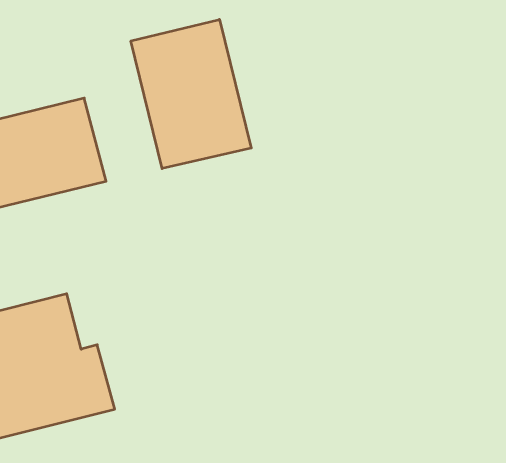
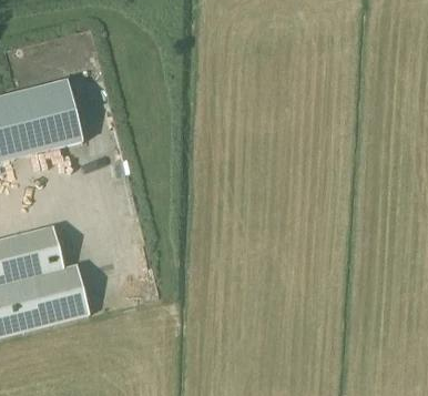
building: [131,19,251,169] -> none

